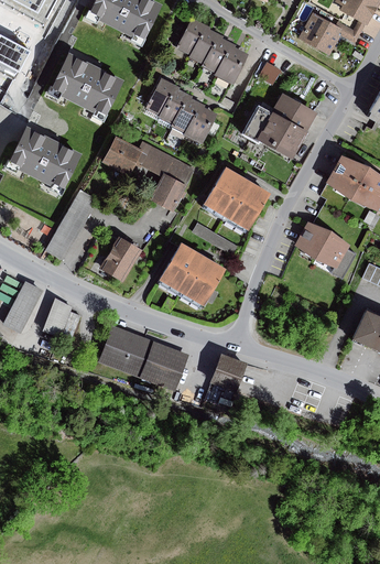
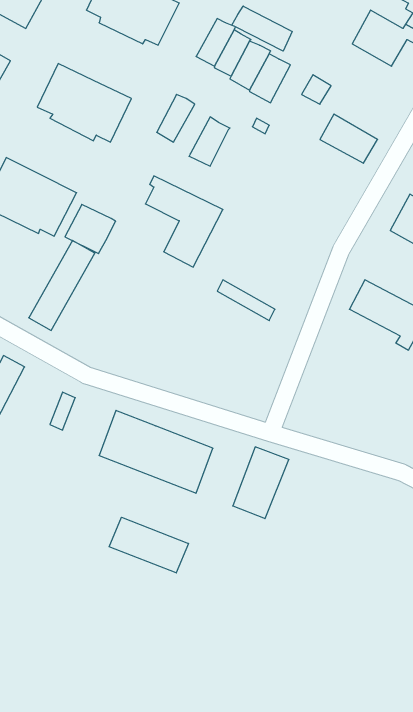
building: none -> [232,6,292,51]
building: [158,87,186,123] -> none
building: [185,105,218,143] -> none
building: [243,106,308,160] -> none
building: [102,137,142,175] -> [65,204,116,254]
building: [202,167,267,229] -> none
building: [100,237,141,282] -> none
building: [158,246,224,305] -> none
building: [43,297,72,337] -> none
building: none -> [109,517,188,573]

